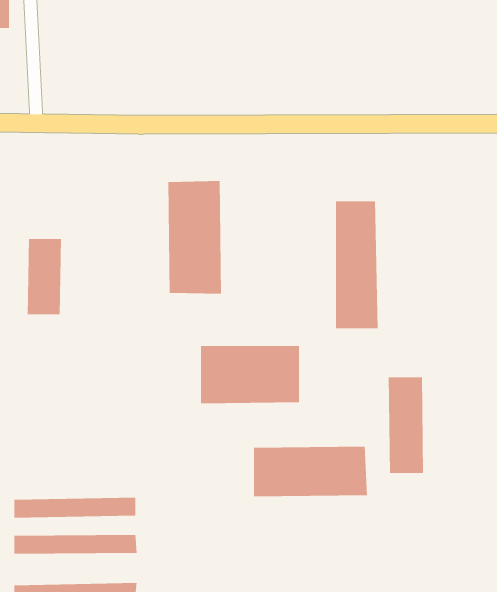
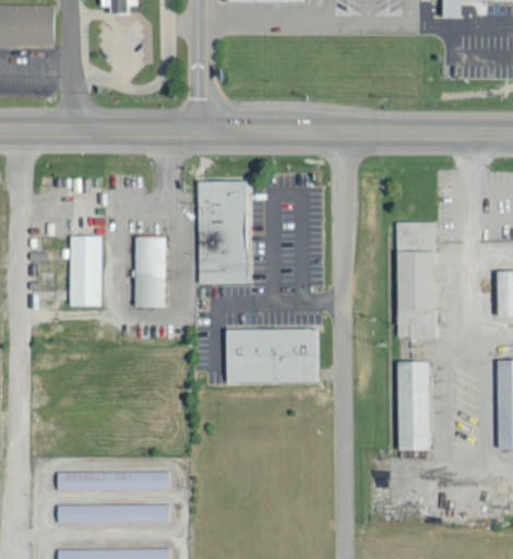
building: [335,200,378,329] -> [397,222,437,338]
building: none -> [134,236,166,312]
building: [253,446,368,497] -> none

